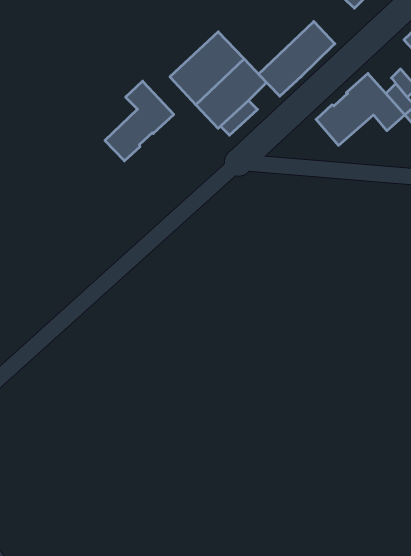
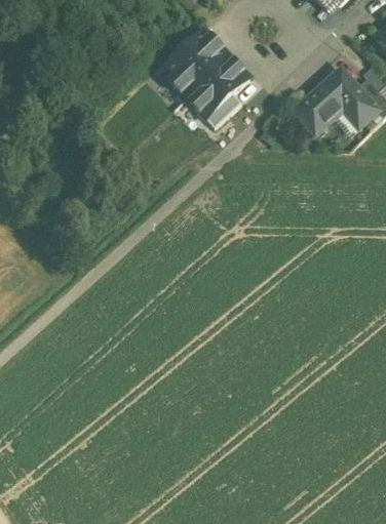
building: [259,21,335,96] -> none
building: [105,81,174,161] -> none

